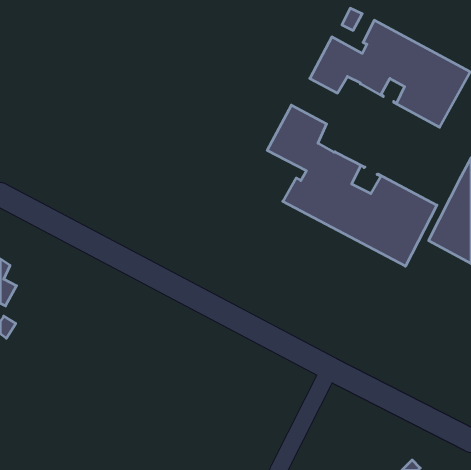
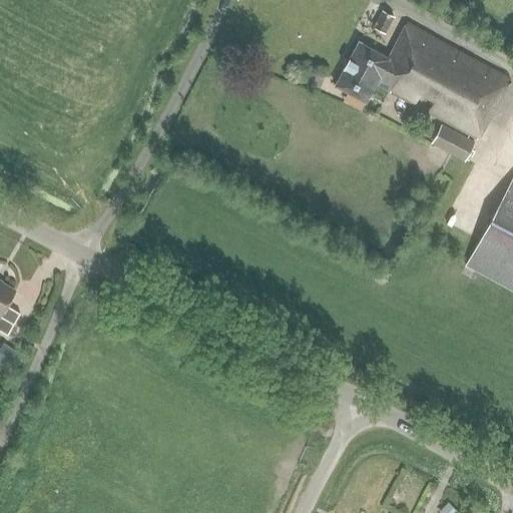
building: [267,105,437,266] -> none
building: none -> [432,122,476,159]

